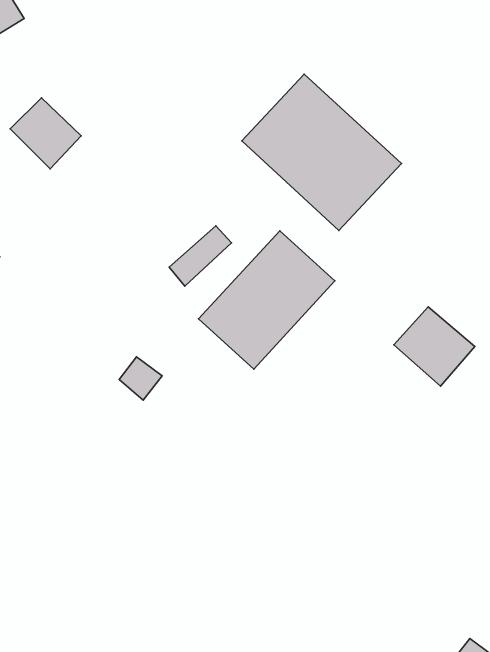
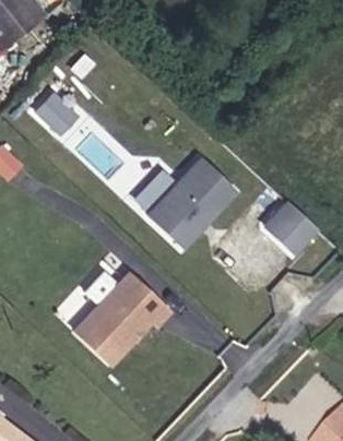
building: [242,74,401,230] -> none
building: none -> [79,272,172,362]

